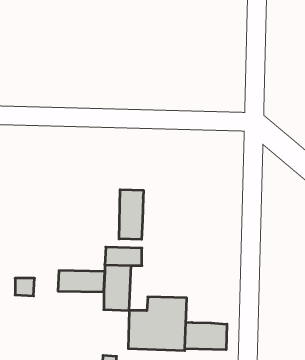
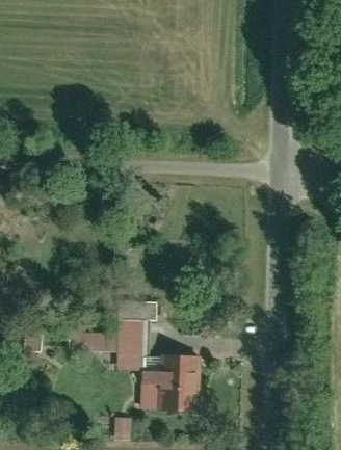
building: [119,190,143,239] -> none
building: [185,322,227,350] -> none

